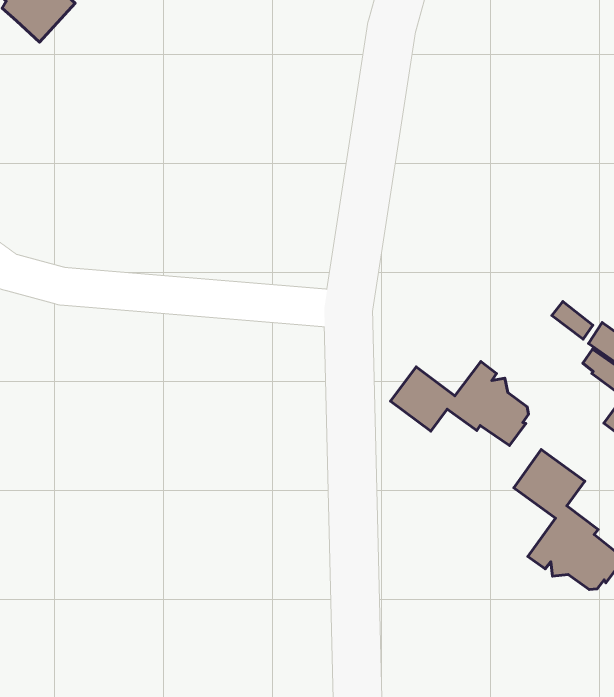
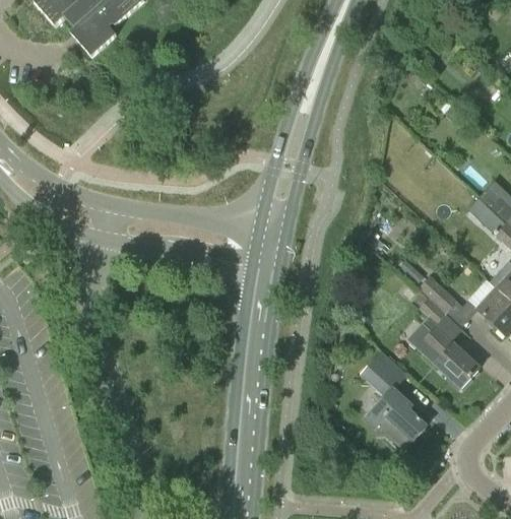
building: [390,362,528,446] -> none

